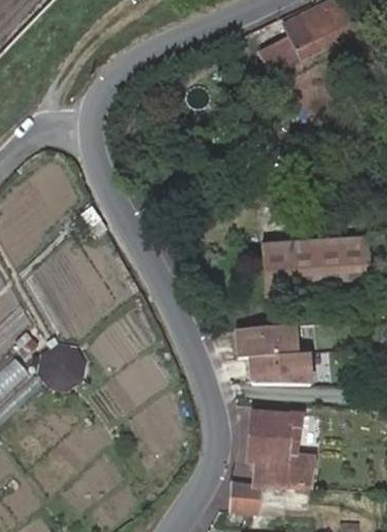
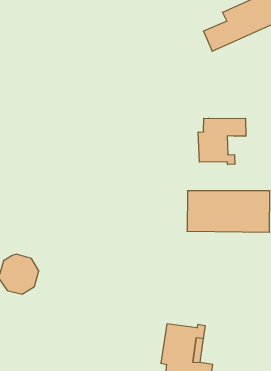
building: none -> [198,118,246,165]
building: [236,317,309,380] -> none

